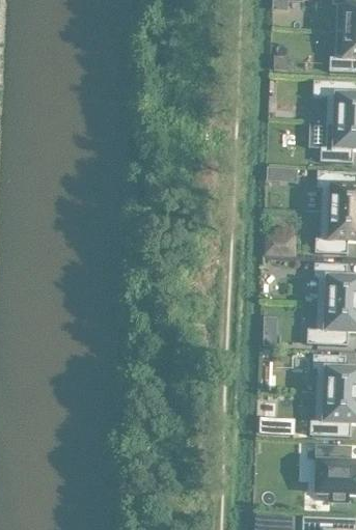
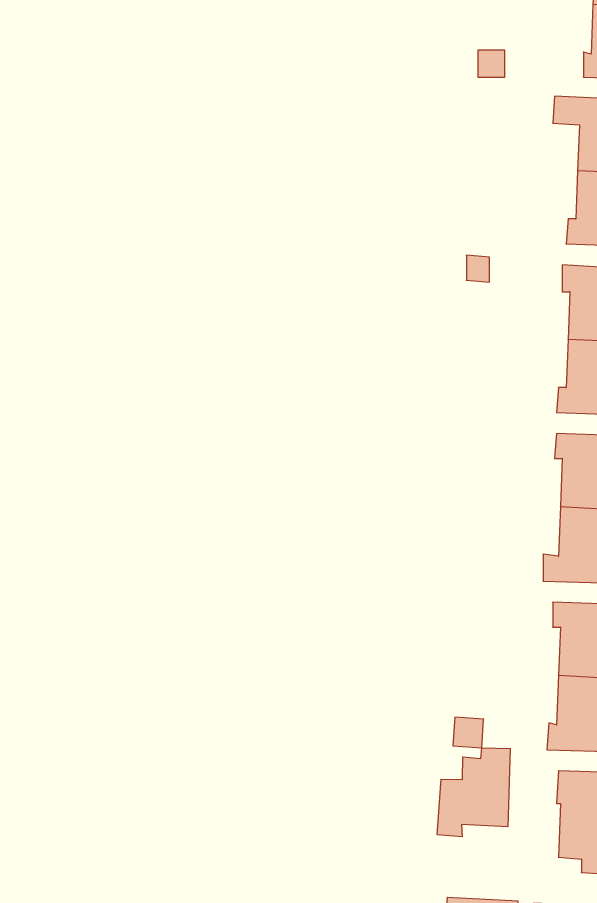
building: none -> [437,748,510,837]

